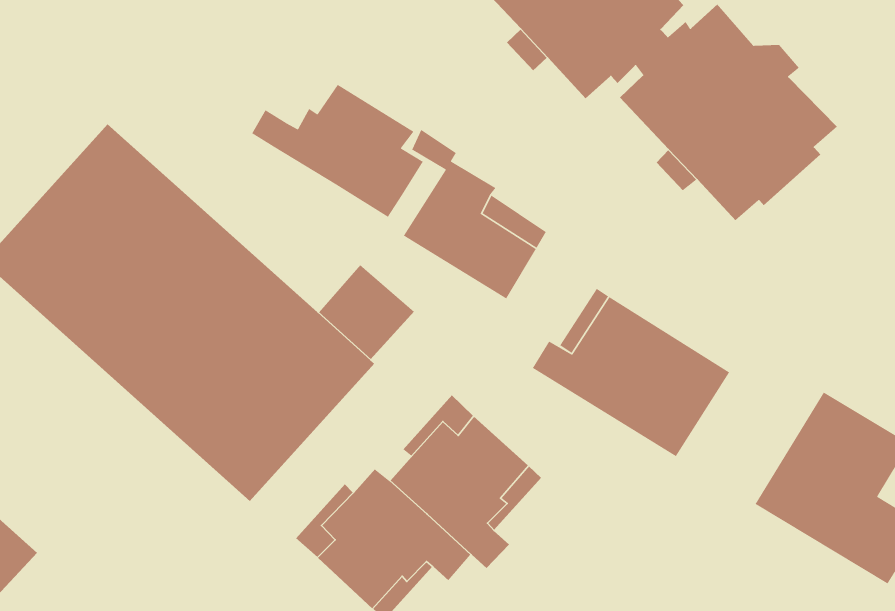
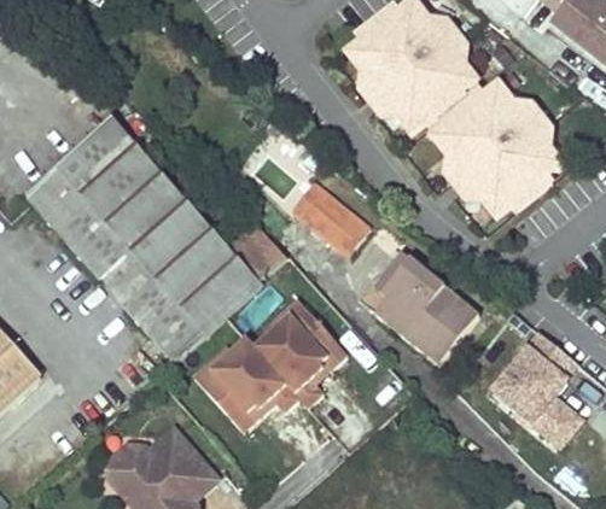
building: [251,84,424,218] -> none

